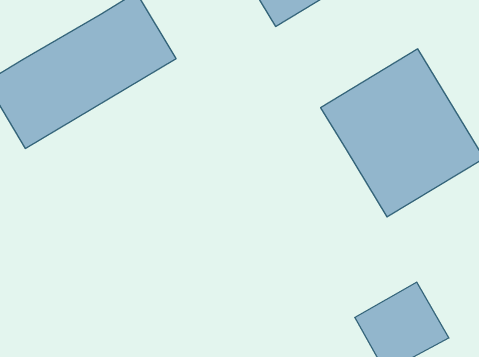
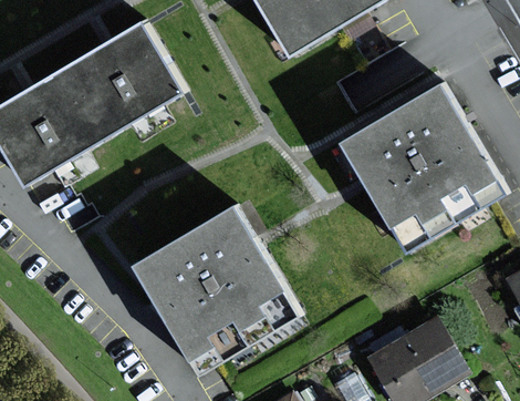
building: none -> [136,207,297,373]

